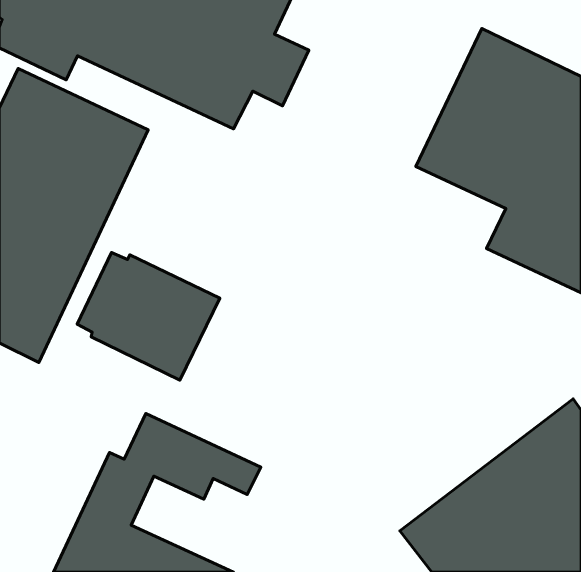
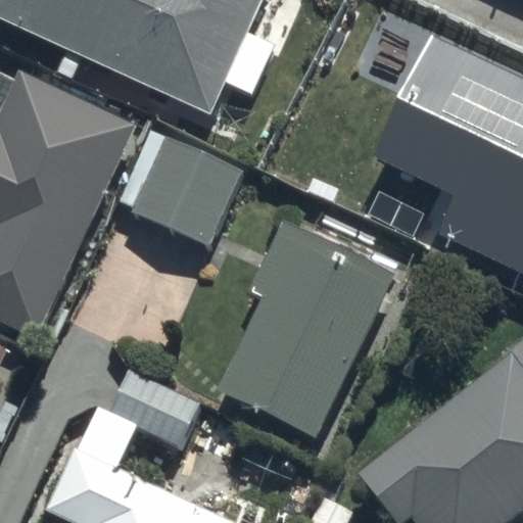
building: none -> [219,223,396,439]
building: [77,253,220,380] -> [121,133,248,247]

